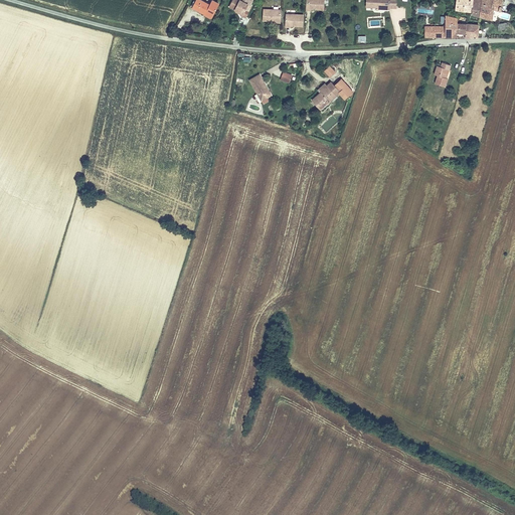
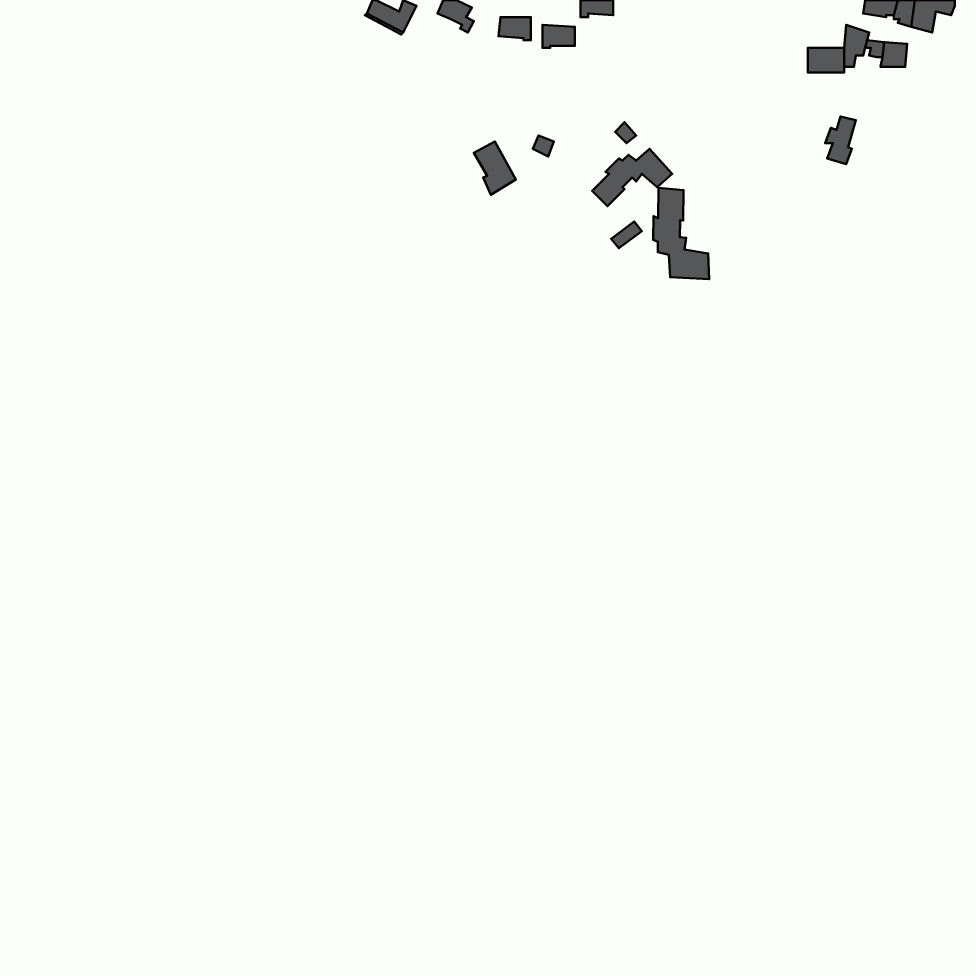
building: none -> [653,188,709,279]

